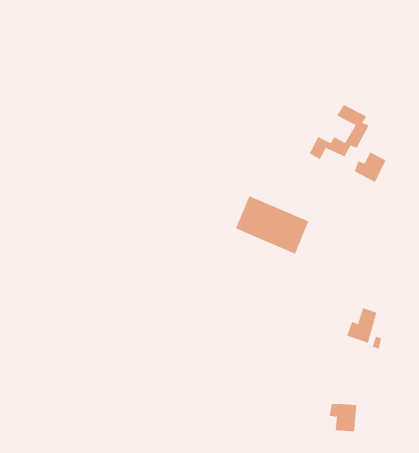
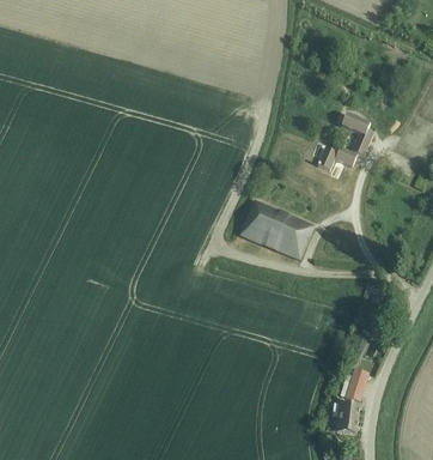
building: [354,152,386,183] -> none
building: [346,308,377,343] -> [339,367,368,401]

